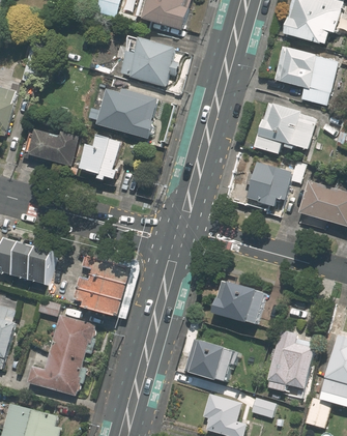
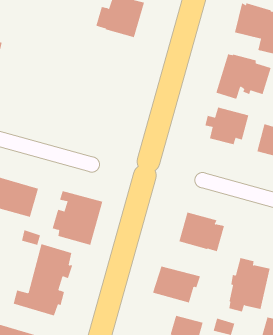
building: [97,89,155,138] -> none
building: [21,129,77,165] -> none
building: [79,135,119,180] -> none

